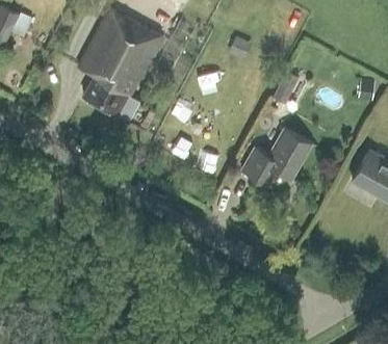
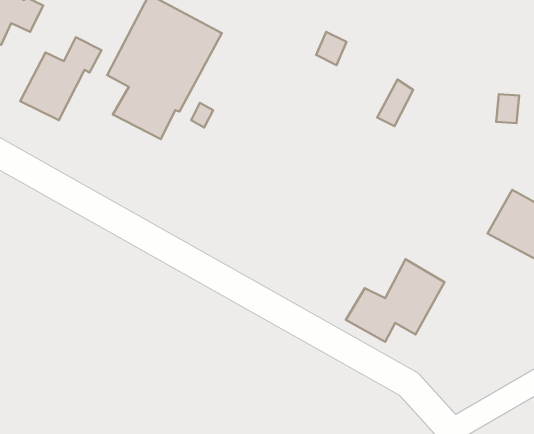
building: none -> [20,37,101,120]
building: [240,127,311,186] -> [346,259,445,342]

